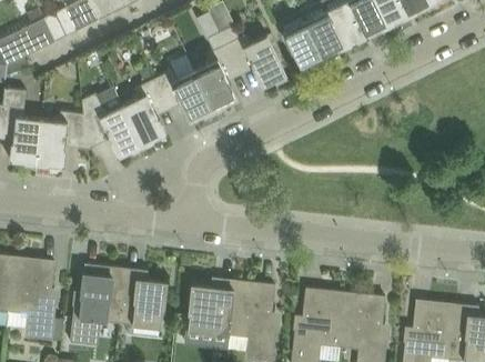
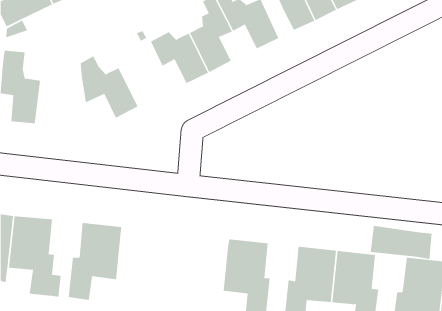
building: [122,79,166,145] -> none
building: [37,111,88,167] -> none
building: none -> [370,225,432,260]
building: [120,278,165,328] -> none
building: [188,285,233,334] -> none

